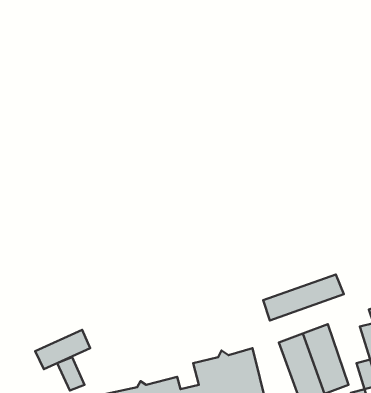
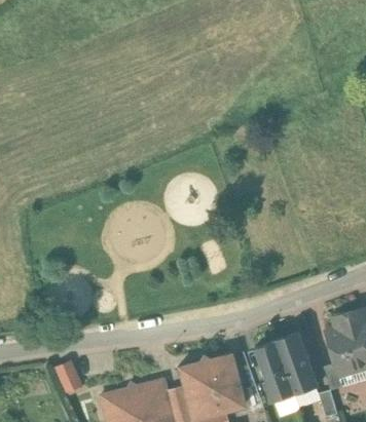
building: [263,274,344,321] -> none
building: [35,330,90,369] -> none

